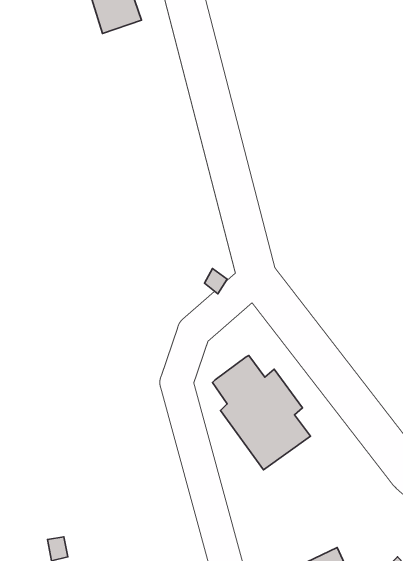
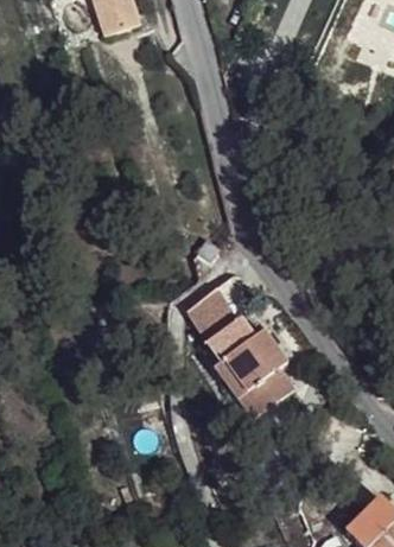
building: none -> [193,287,237,339]

